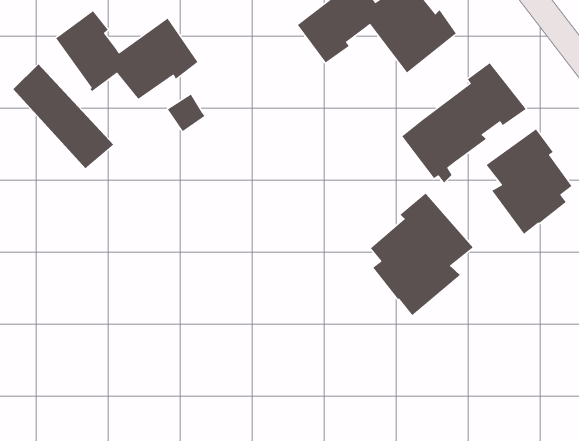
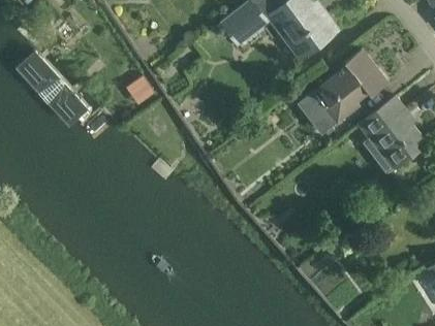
building: [55,10,199,100] -> none
building: [370,192,474,316] -> none

